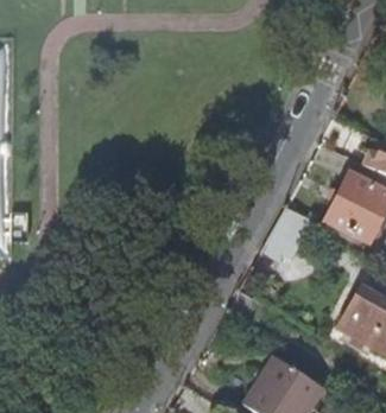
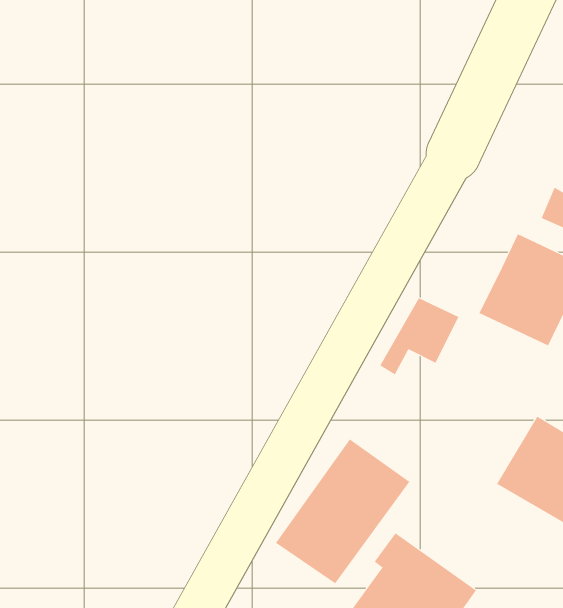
building: none -> [275,439,410,584]

